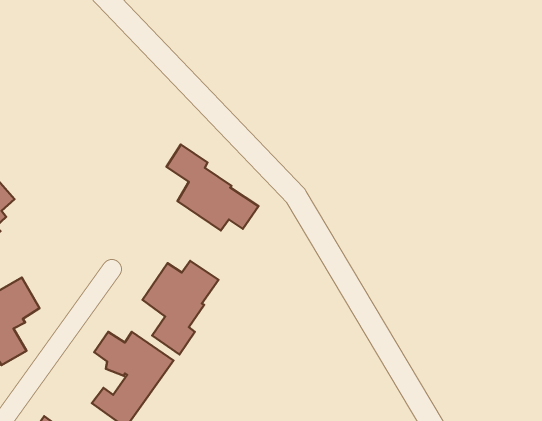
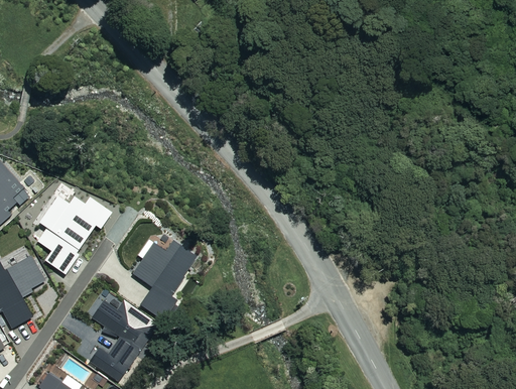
building: [166,144,259,231] -> none
building: none -> [36,194,111,274]

